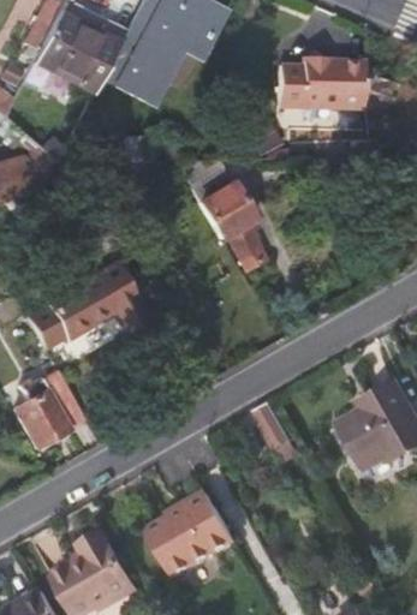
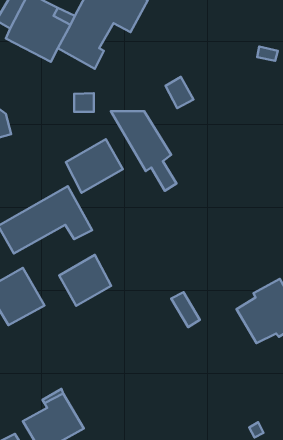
building: [279,58,367,112] -> none
building: none -> [66,139,123,193]
building: none -> [59,255,111,306]
building: [149,494,240,579] -> none

